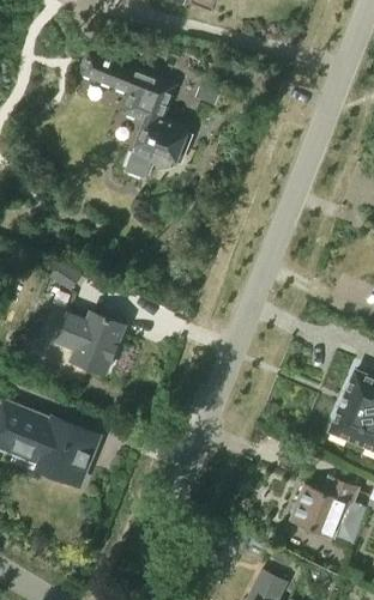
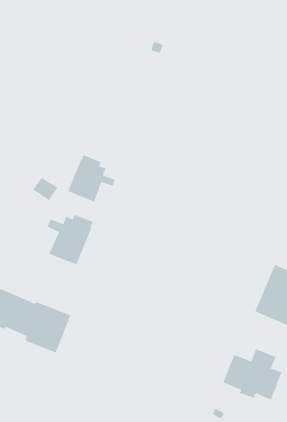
building: [79,51,188,177] -> none
building: none -> [68,154,115,202]

